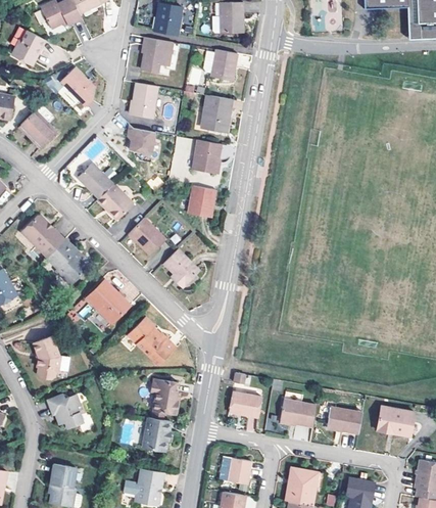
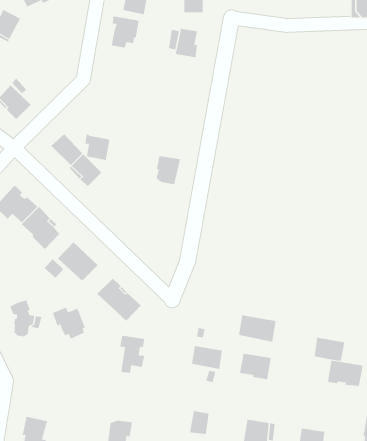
building: [62,65,97,105] -> none
building: [132,82,159,117] -> none
building: [204,95,233,133] -> none
building: [129,125,156,154] -> [84,133,110,160]
building: [194,140,224,174] -> none
building: [129,218,166,255] -> none
building: [163,249,199,287] -> none
building: none -> [238,314,276,342]
building: [49,394,85,428] -> [52,307,86,339]
building: [326,407,359,432] -> [314,337,345,361]
building: [144,417,172,451] -> none

